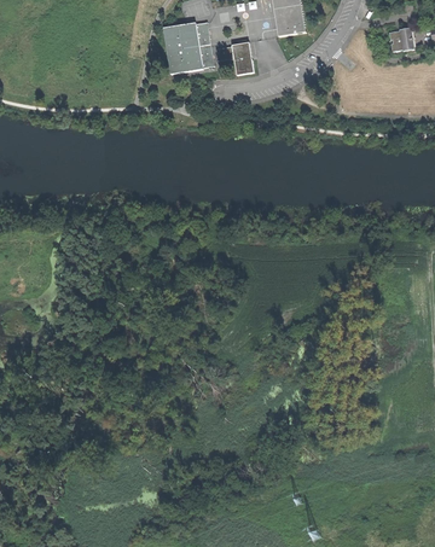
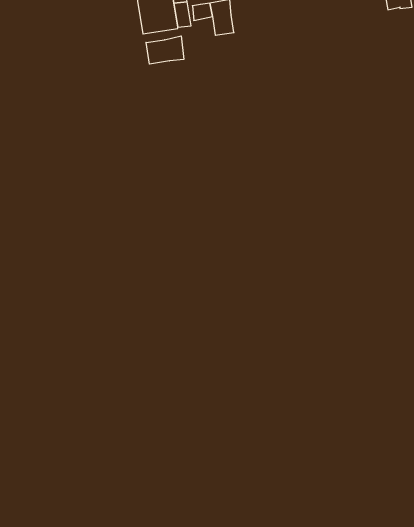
building: none -> [146,36,184,64]

